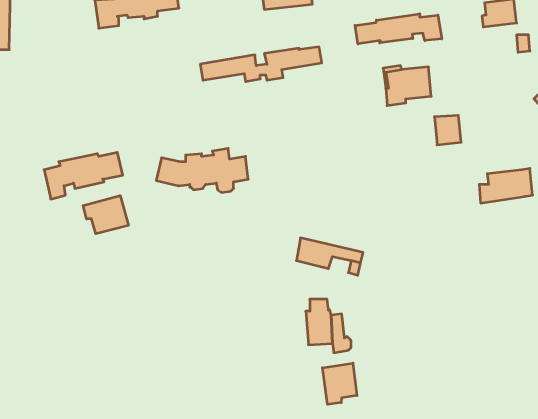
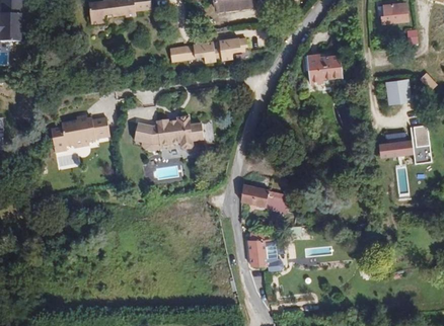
building: [355,14,442,44] -> none
building: [434,115,461,145] -> [389,79,410,101]
building: [83,196,128,234] -> none
building: [322,363,357,404] -> none

